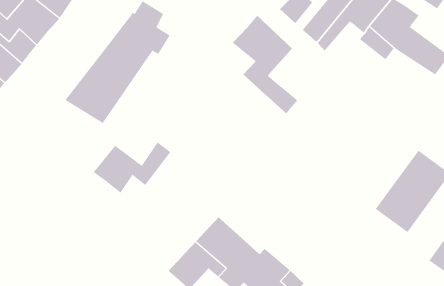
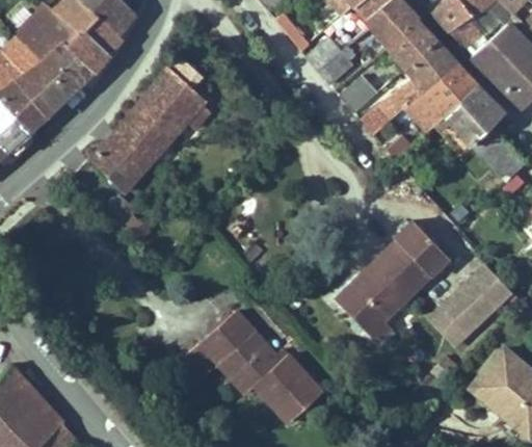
building: [232,15,298,114] -> none
building: none -> [344,207,457,323]
building: [93,142,171,194] -> none

